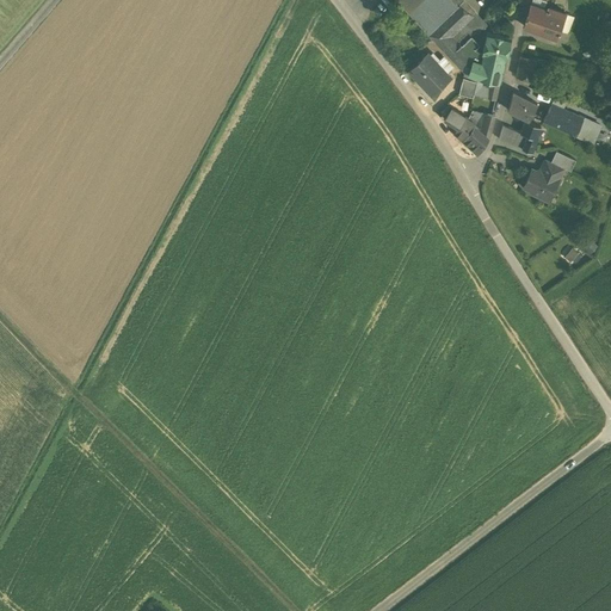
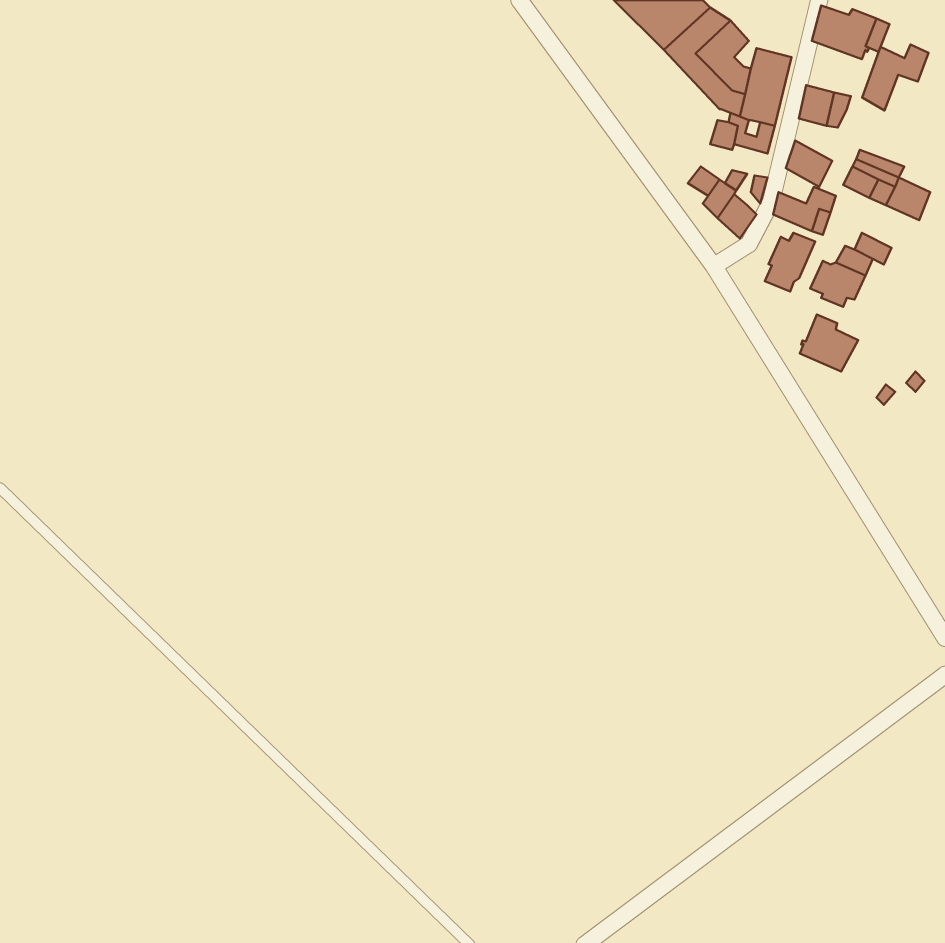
building: none -> [862,44,928,110]
building: [408,54,451,95] -> none
building: none -> [765,233,815,291]
building: none -> [800,315,858,371]

